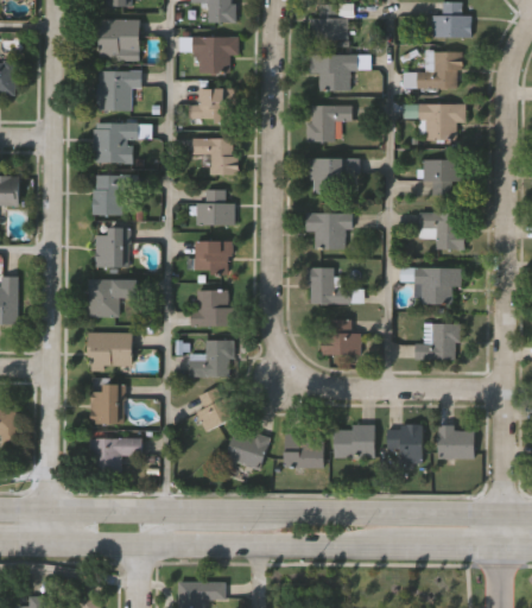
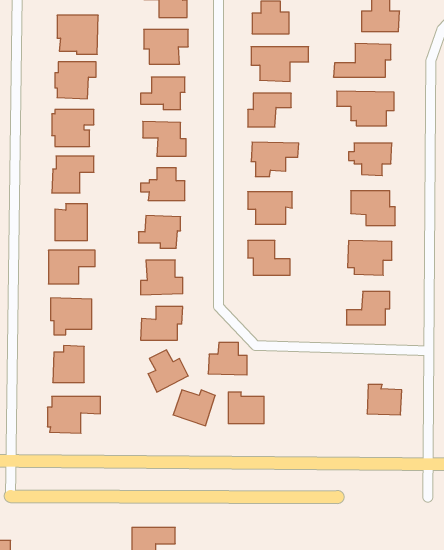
building: [321,319,363,355] -> [208,342,247,375]
building: [332,425,374,458] -> none
building: [385,425,420,464] -> none

